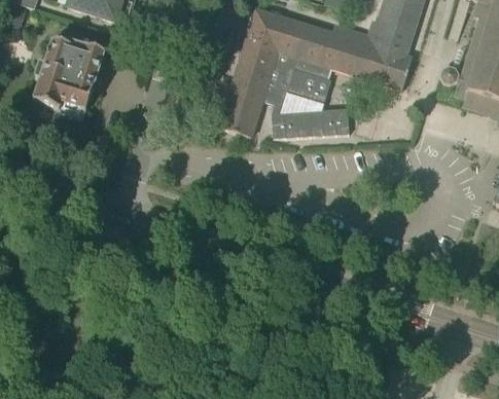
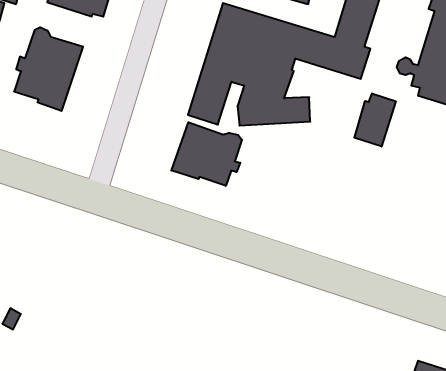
building: none -> [354,93,396,147]
building: none -> [171,122,242,186]

